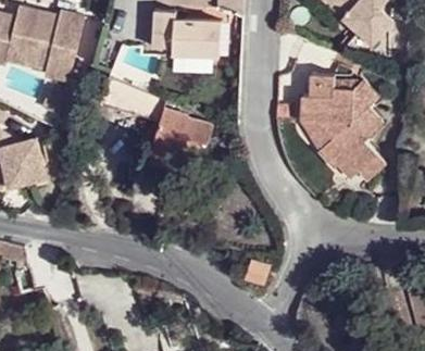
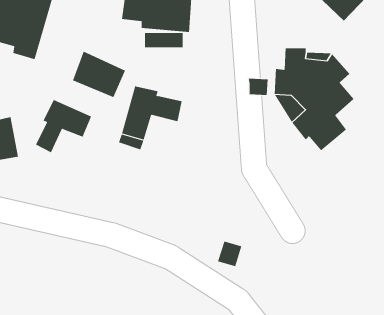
building: none -> [35,99,92,153]

